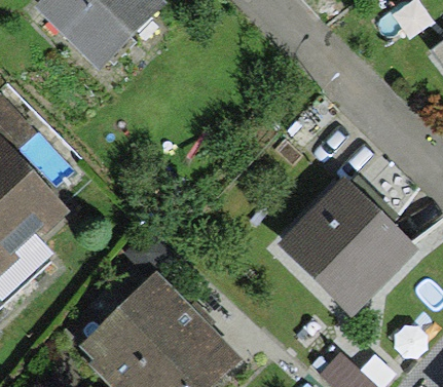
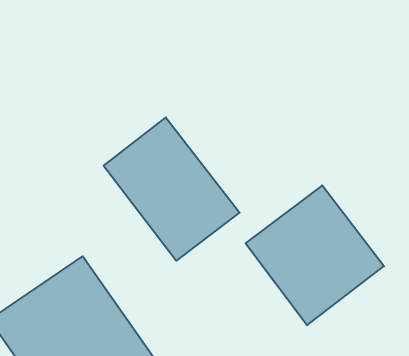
building: none -> [104,117,240,261]

